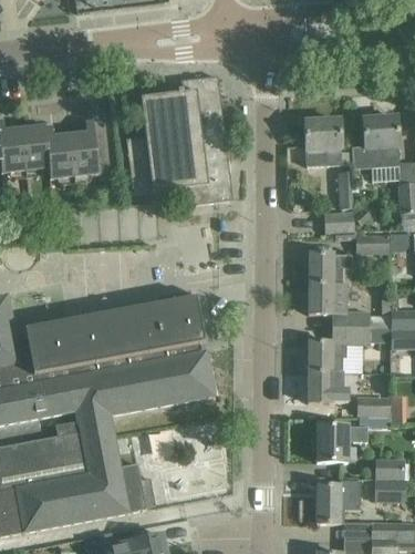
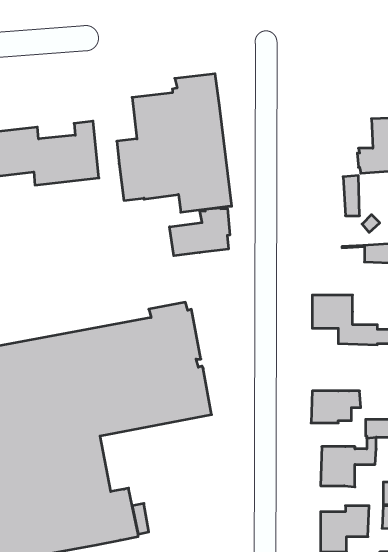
building: [303,120,351,165] -> none
building: none -> [170,208,230,256]
building: [324,212,355,237] -> none
building: [308,253,351,284] -> none
building: [308,328,369,372] -> none

